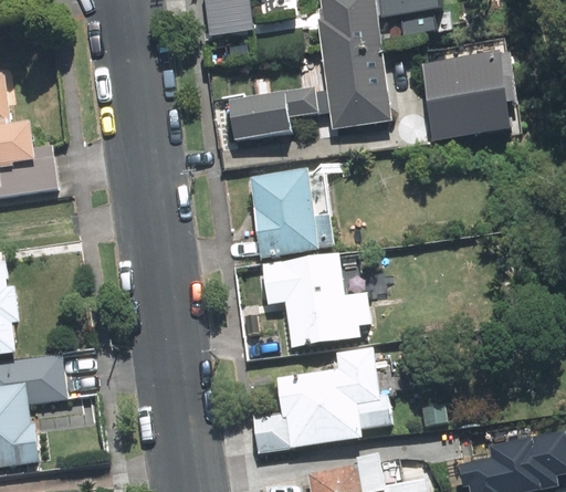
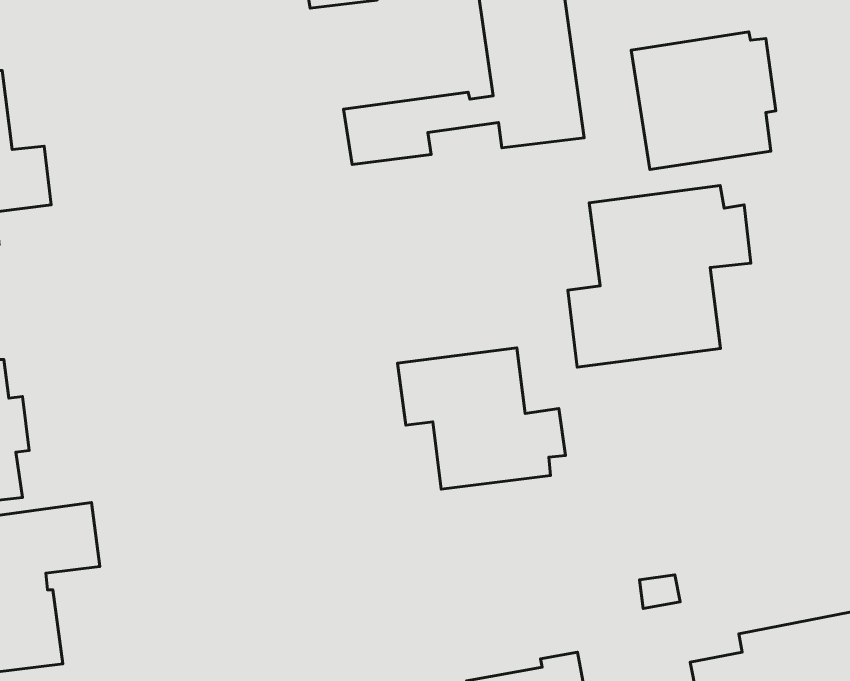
building: none -> [568,185,751,367]
building: [251,171,335,262] -> none
building: [255,349,394,452] -> none

